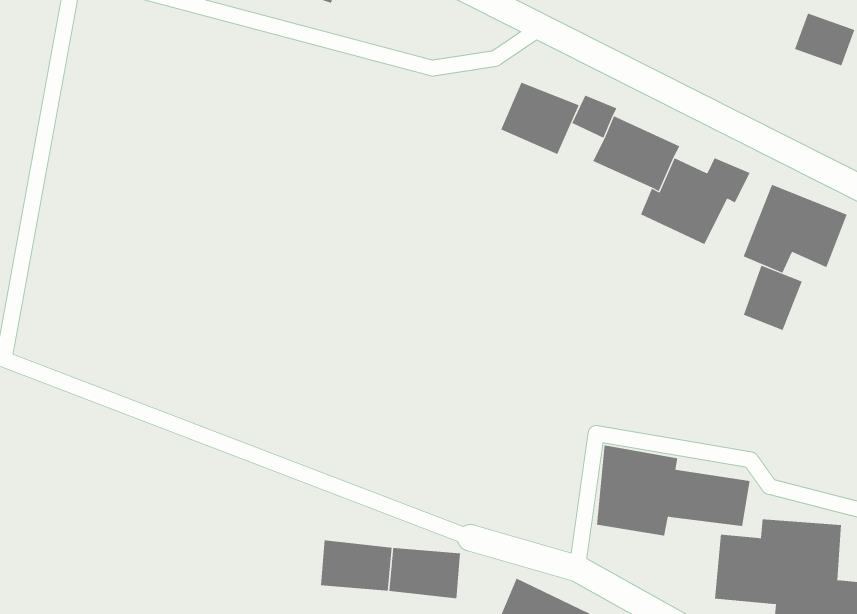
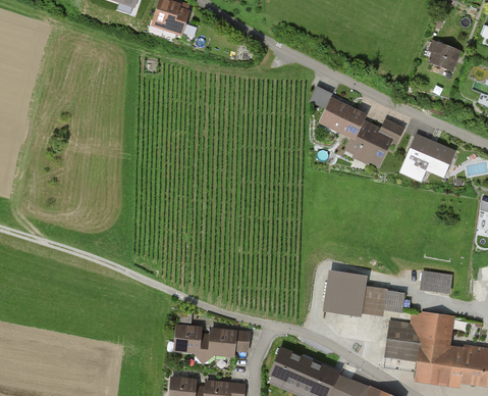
building: [500,82,580,155] -> none
building: [743,265,803,331] -> none
building: none -> [421,273,451,293]

